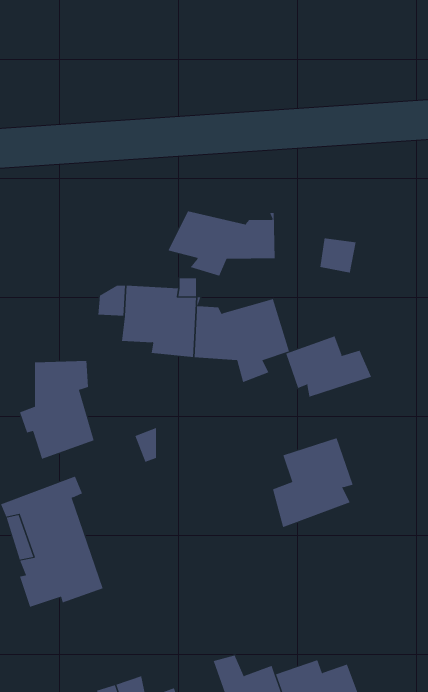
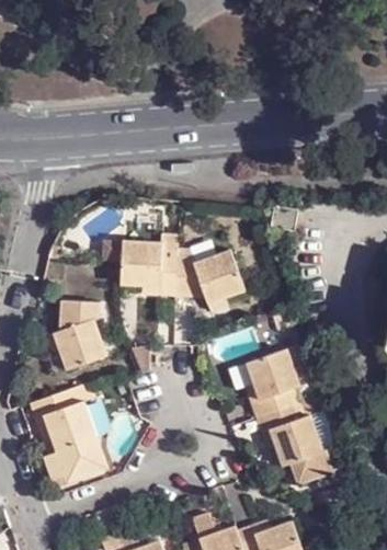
building: [168,211,275,276] -> none
building: [286,335,372,397] -> none
building: none -> [243,403,329,488]

